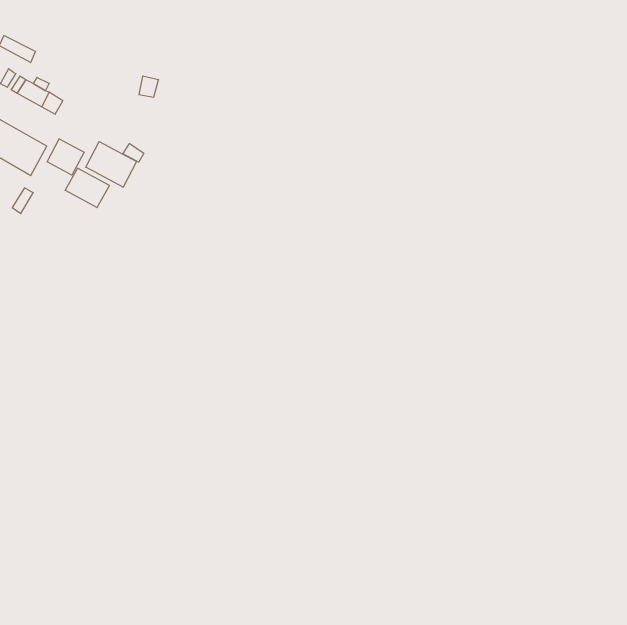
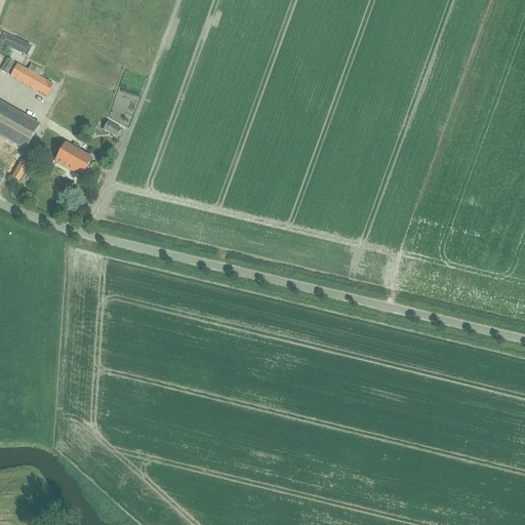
building: [47,139,84,175] -> none
building: [86,142,136,187] -> none

